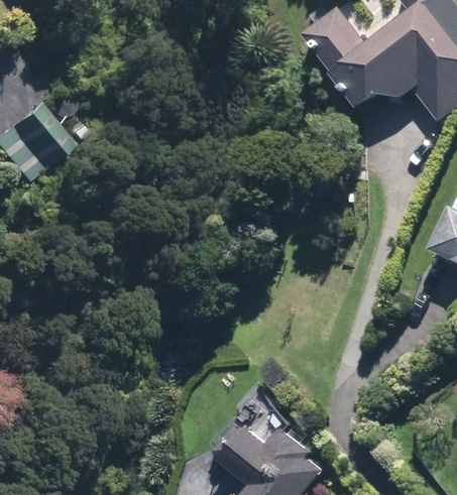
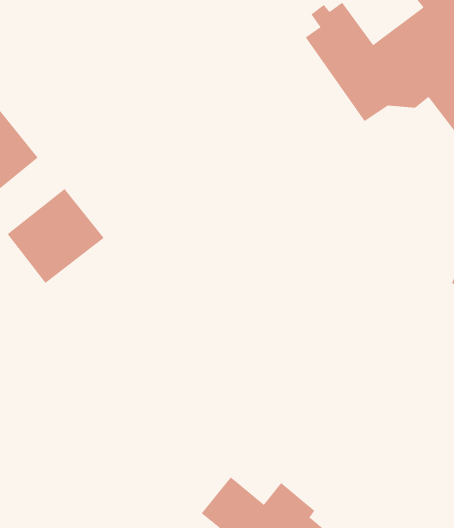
building: none -> [7,188,104,284]

